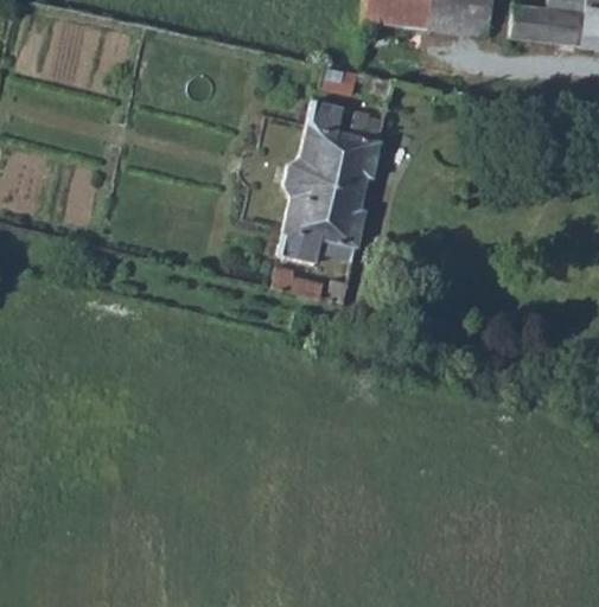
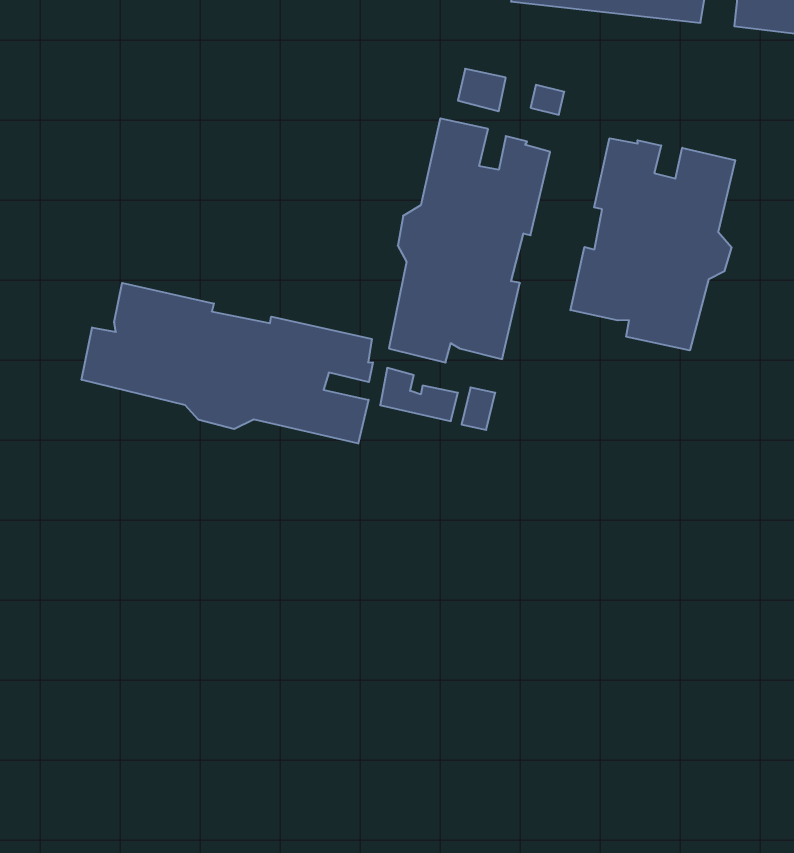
building: none -> [570,138,735,350]
building: none -> [82,283,373,444]

